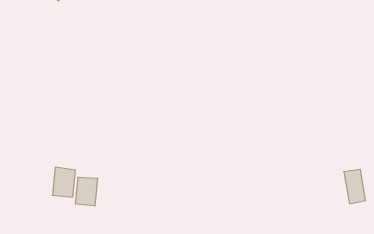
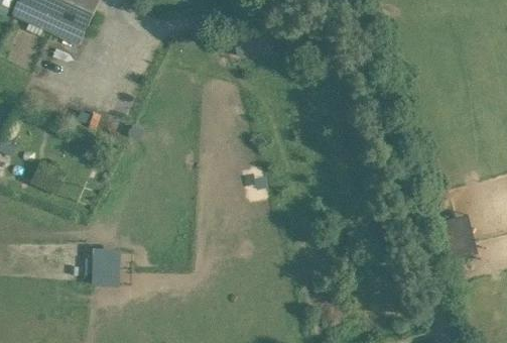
building: [75,177,98,206] -> none

